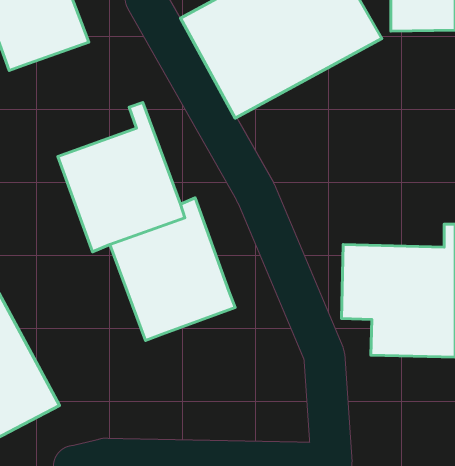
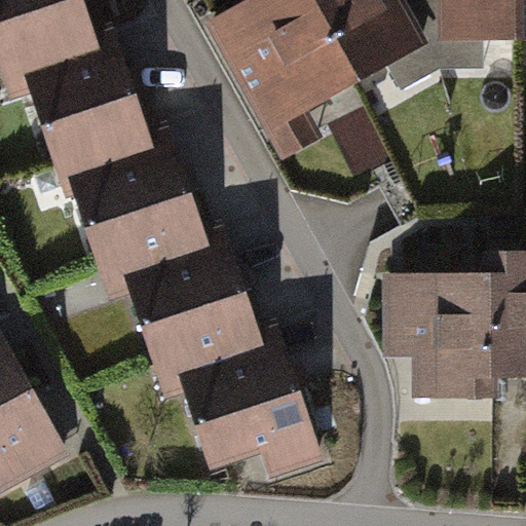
building: none -> [27,20,153,176]
building: none -> [182,322,323,485]

